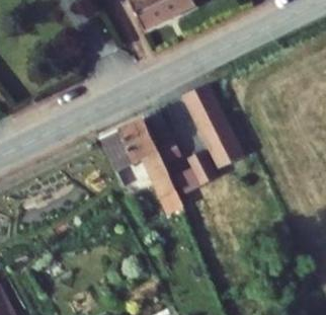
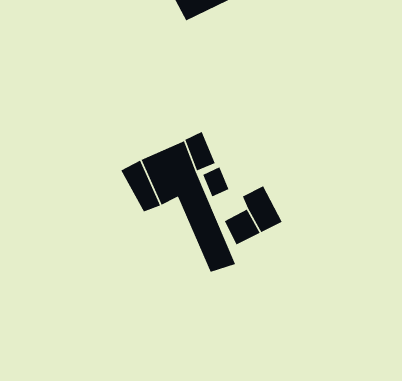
building: [182,83,243,165] -> none

